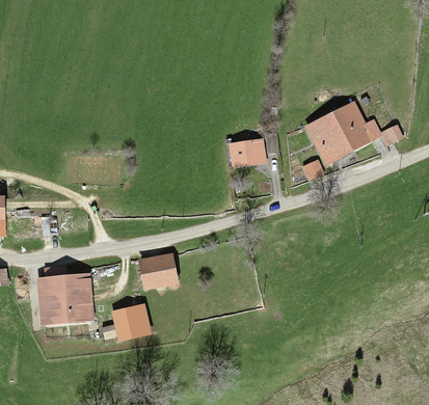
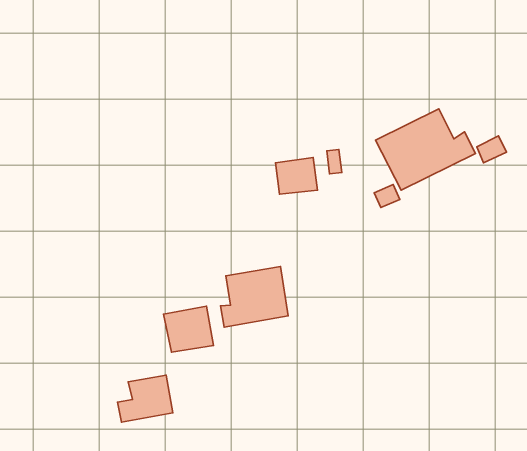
building: none -> [221,266,288,327]
building: [41,272,93,325] -> none

